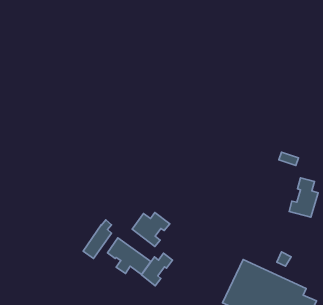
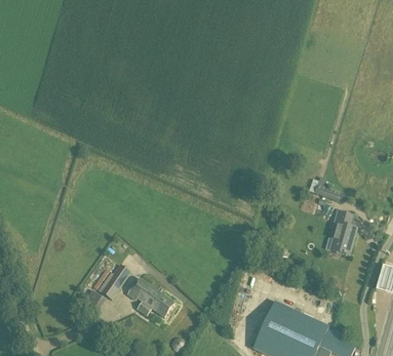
building: [132,213,170,246] -> none
building: [141,253,173,286] -> none

